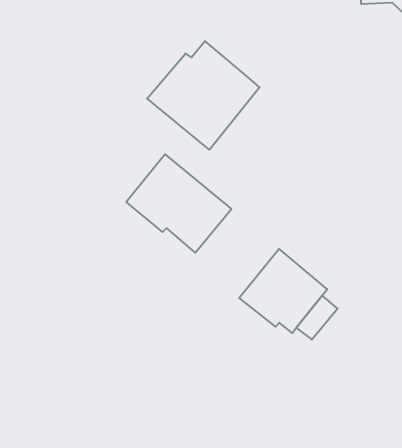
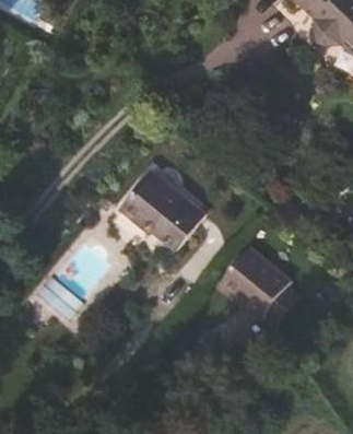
building: [147,41,260,150] -> none

